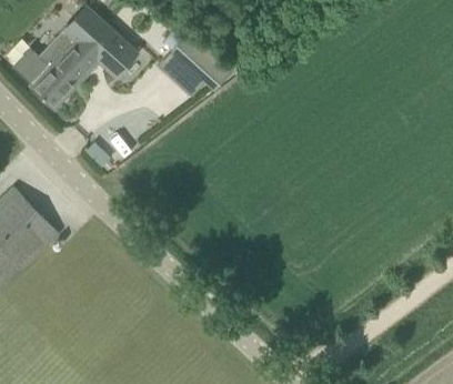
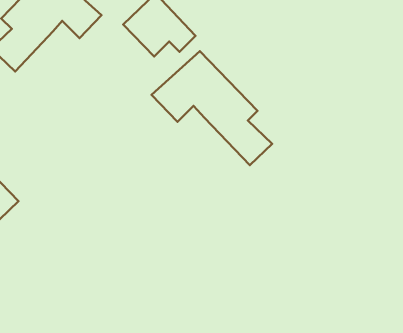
building: none -> [152,51,272,165]

